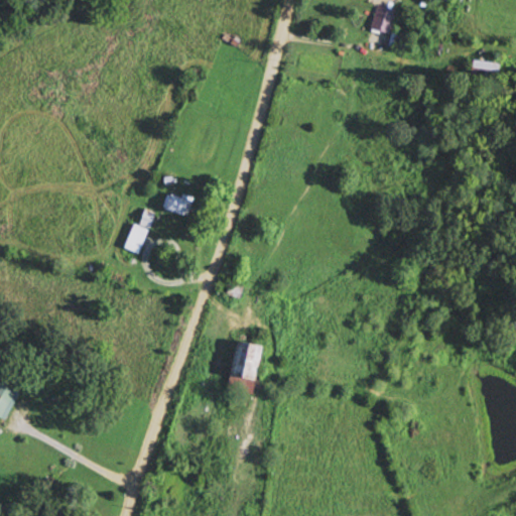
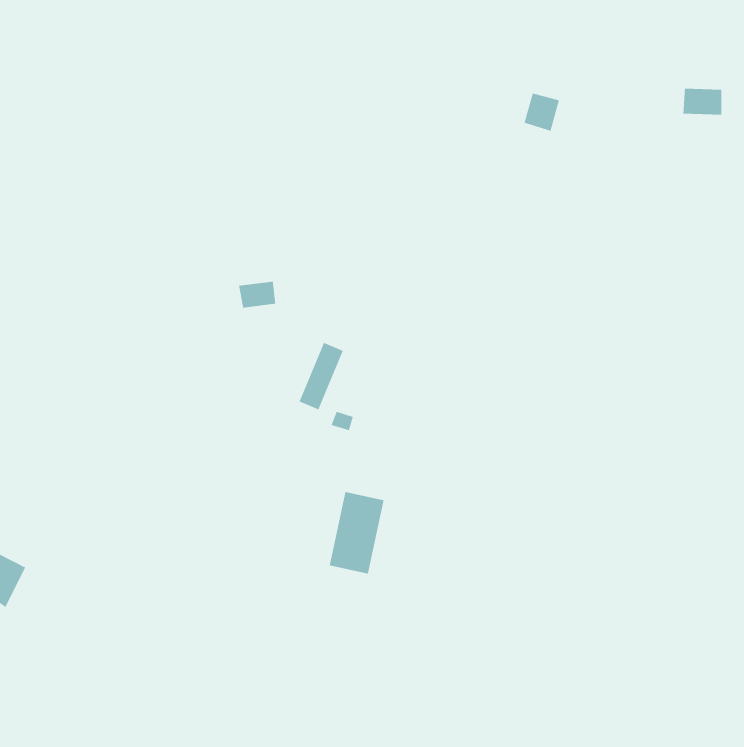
building: [370,5,395,32] -> [523,92,560,132]
building: [124,206,155,253] -> [298,342,344,410]

